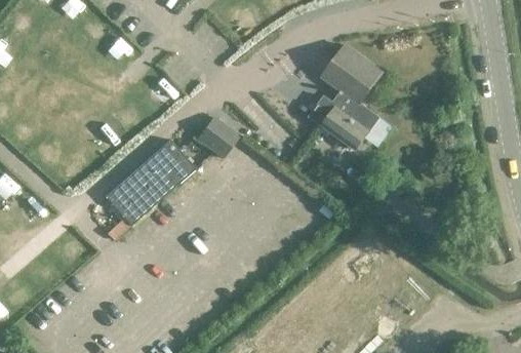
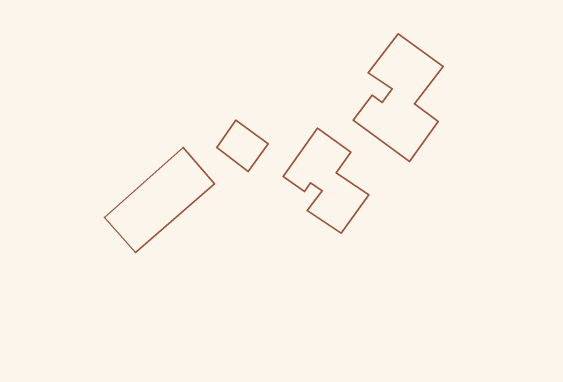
building: none -> [283,128,369,233]

